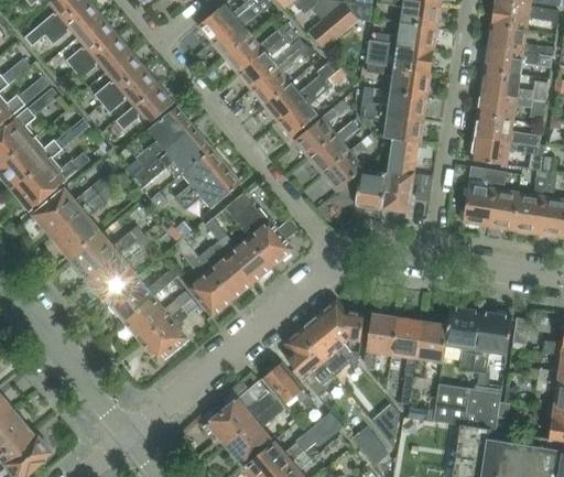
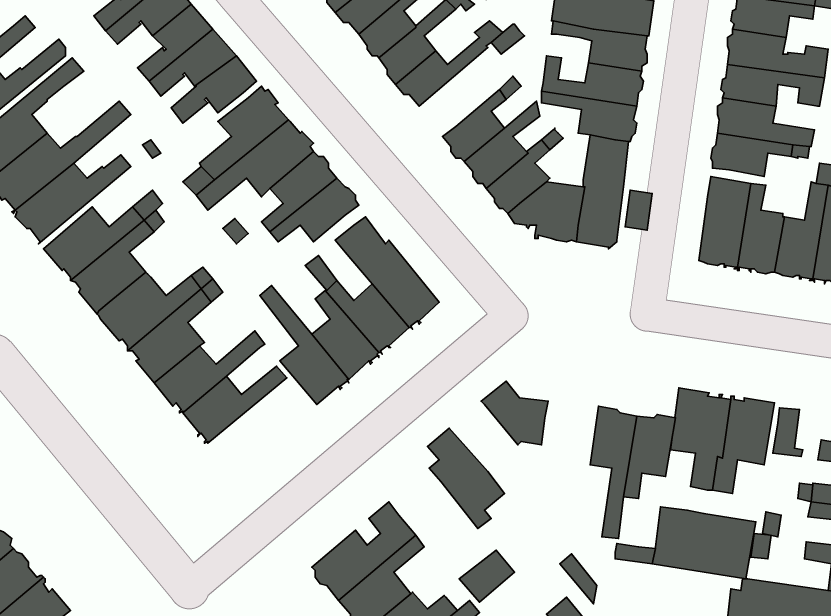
building: [279,80,328,135] -> none
building: [140,297,198,360] -> none
building: [364,313,397,369] -> none
building: [299,315,352,373] -> none
building: [262,361,313,406] -> none

